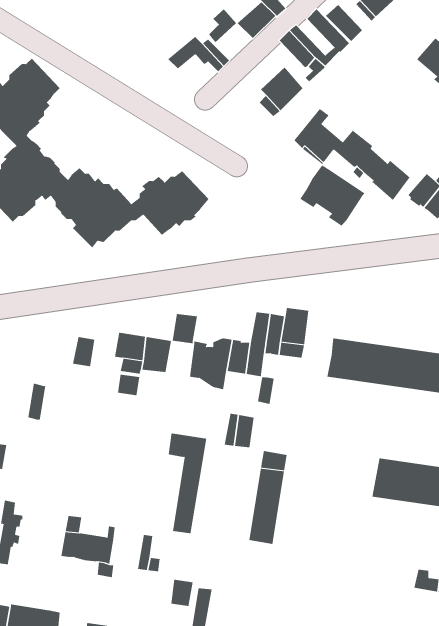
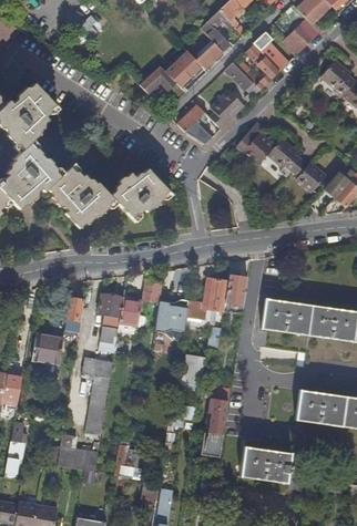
building: none -> [176,105,211,145]
building: [299,165,366,226] -> none
building: none -> [41,334,62,363]
building: [168,433,207,534] -> [82,357,112,434]
building: none -> [241,446,293,484]

